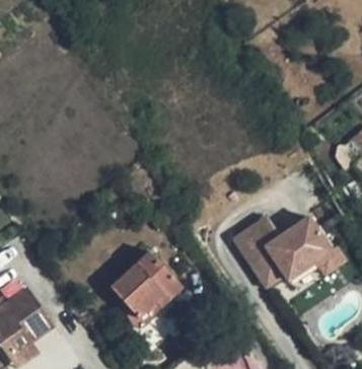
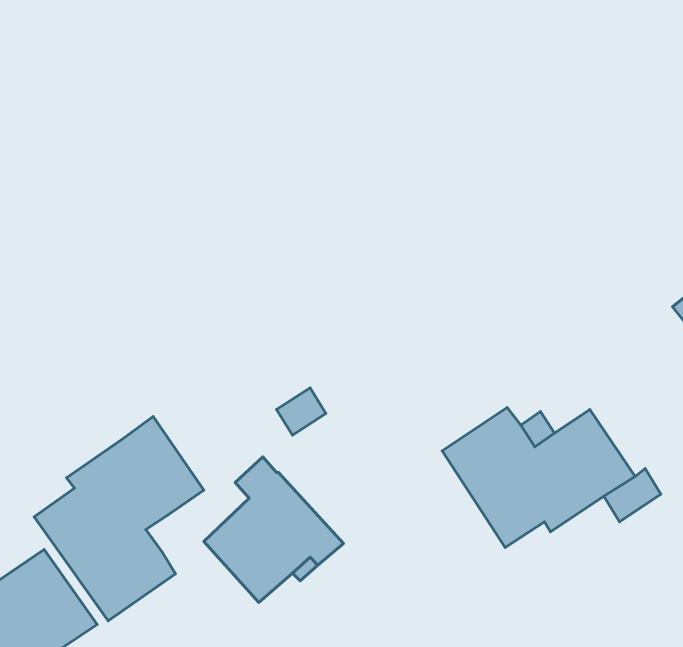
building: none -> [34,416,204,621]

